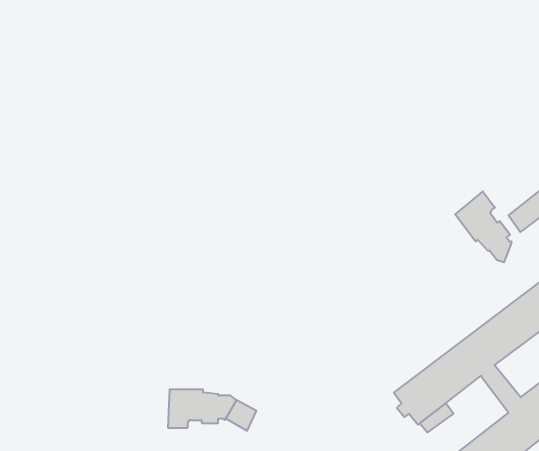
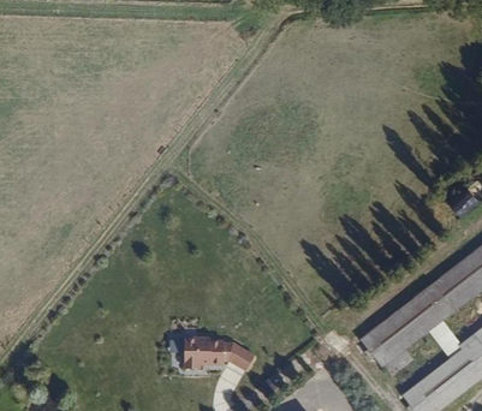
building: [455,191,511,262] -> none

